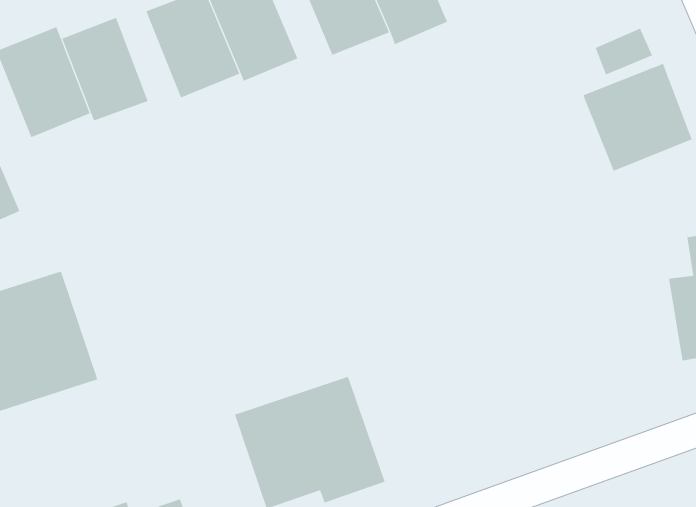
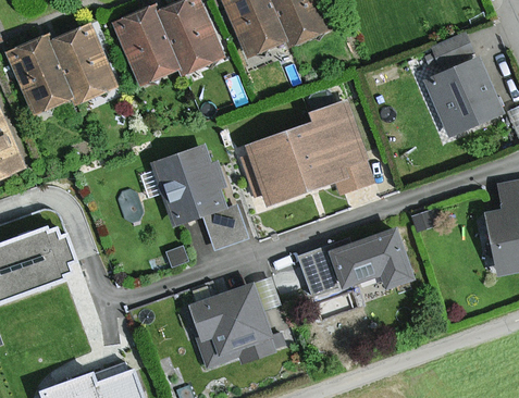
building: none -> [246,100,372,201]
building: none -> [151,144,244,246]
building: none -> [299,227,411,297]

